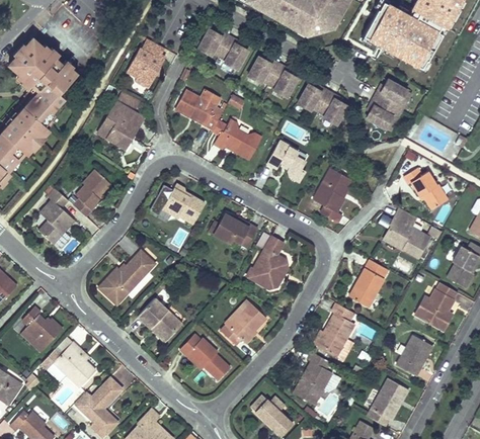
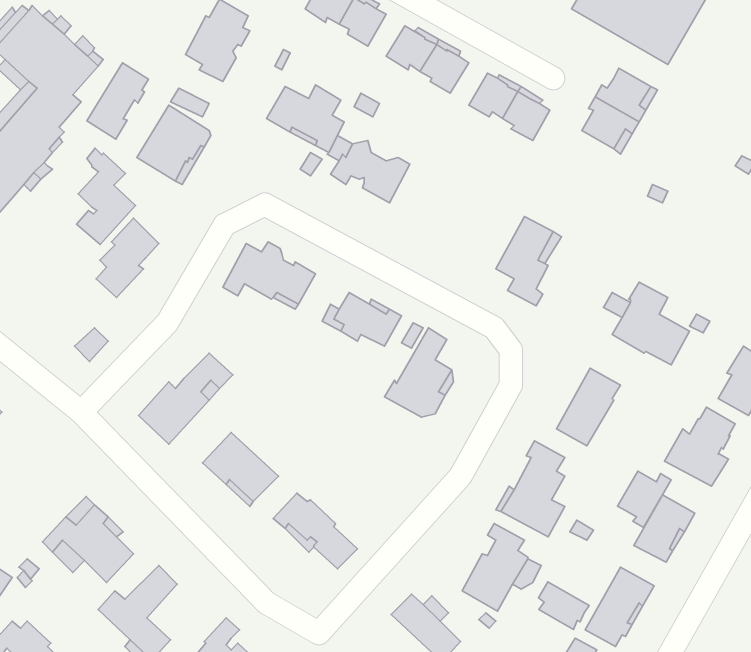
building: none -> [87,63,149,139]
building: [266,140,306,182] -> none
building: [403,168,448,209] -> none
building: [38,185,74,243] -> [77,148,136,244]
building: [220,302,266,345] -> none
building: [20,305,62,352] -> none
building: none -> [618,471,671,528]
building: none -> [539,582,589,629]

